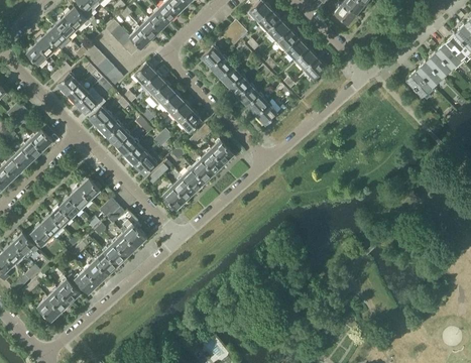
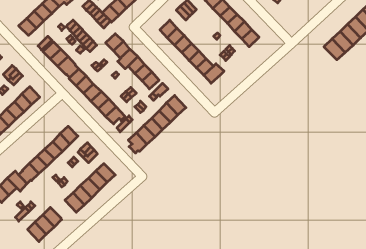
building: [67,270,98,294] -> none

